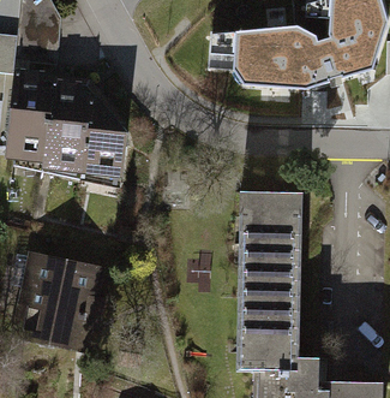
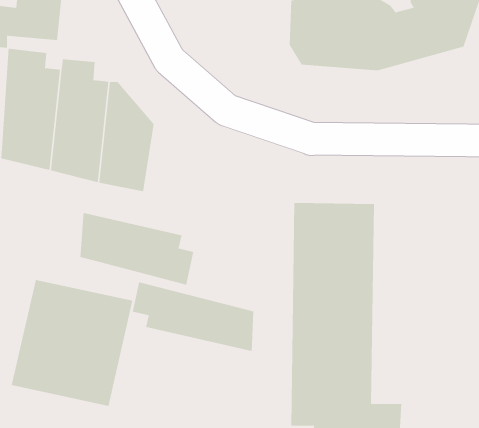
building: none -> [80,212,194,286]
building: none -> [132,281,254,352]

